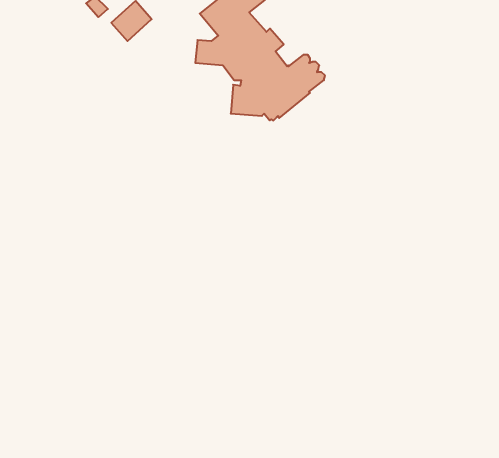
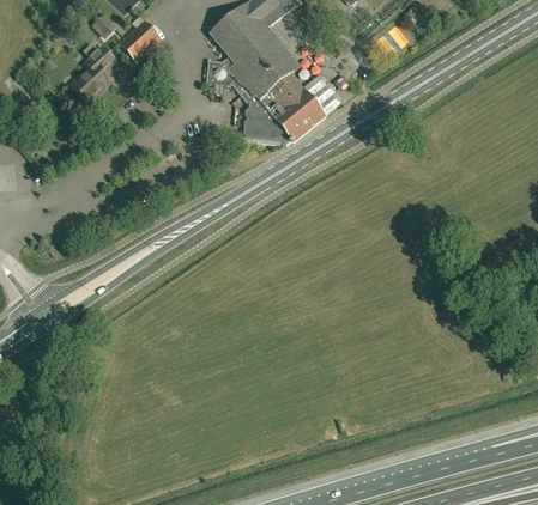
building: none -> [71,47,115,103]

